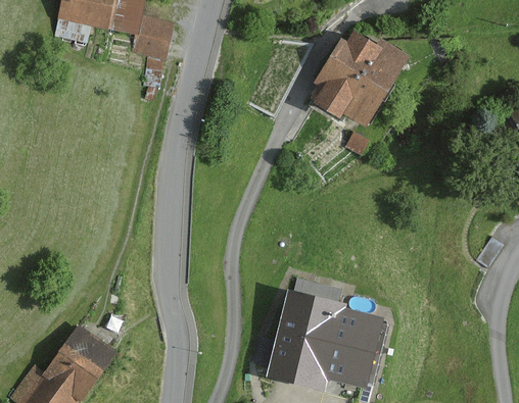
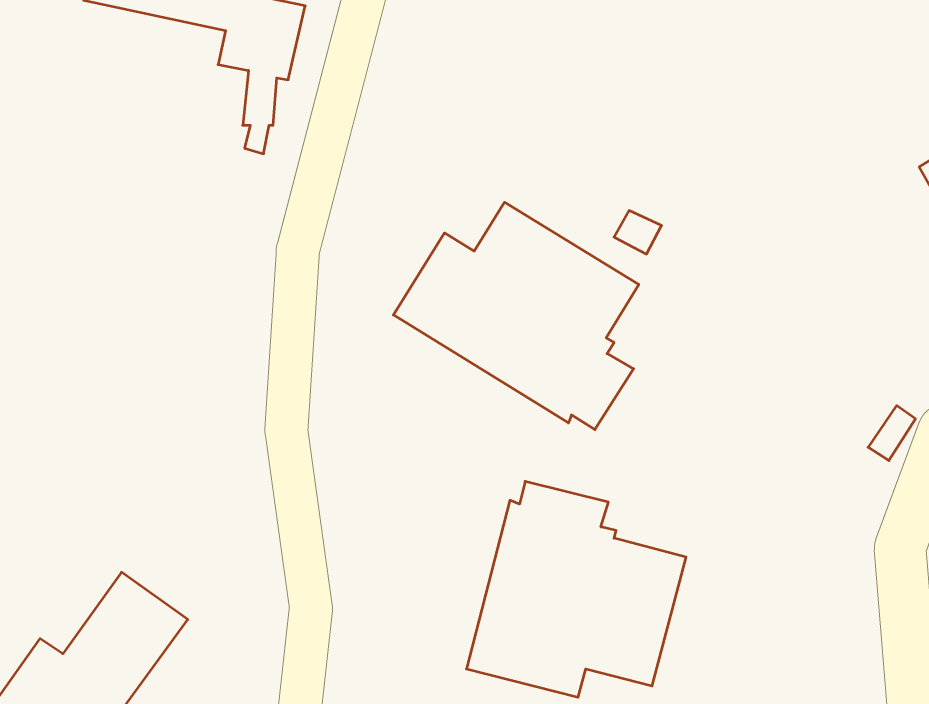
building: [312,30,409,125] -> none
building: none -> [393,202,639,430]

